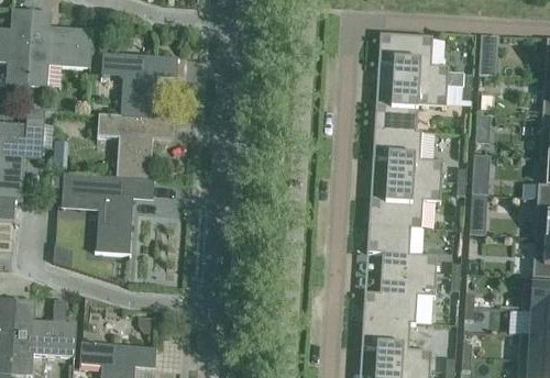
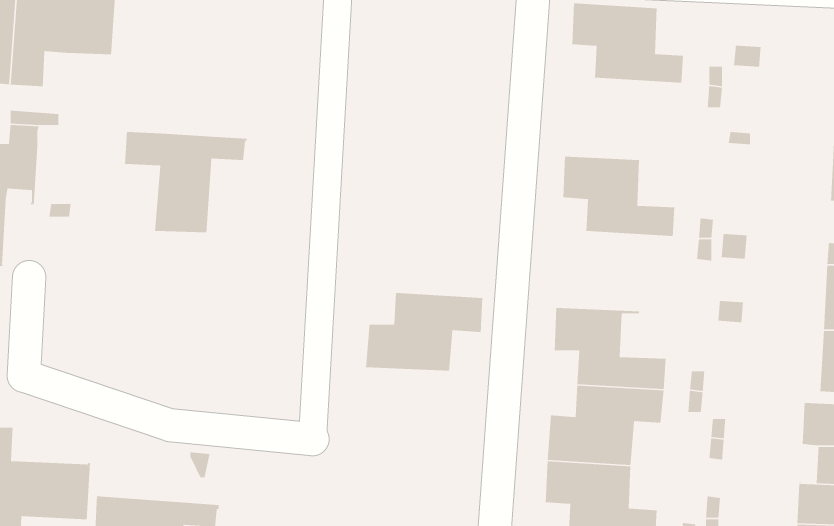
building: [101,52,179,118] -> none
building: [373,81,447,132] -> none
building: [51,173,155,254] -> none
building: [367,177,441,226] -> [365,292,483,371]

